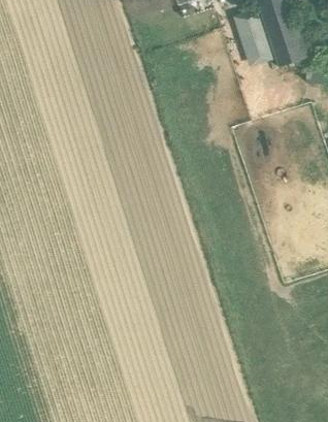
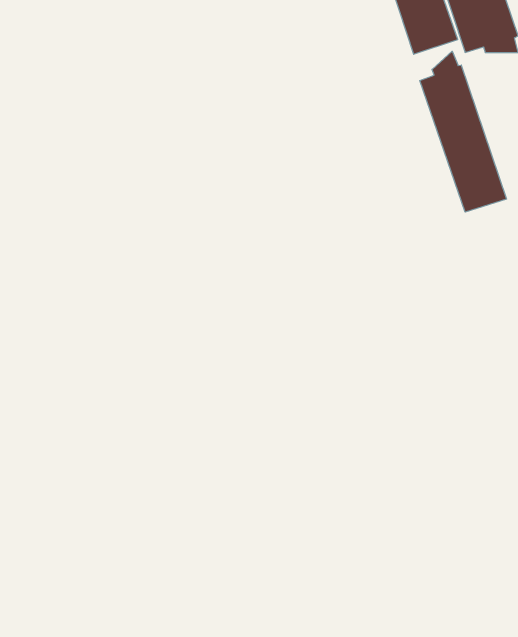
building: none -> [420,51,507,212]

